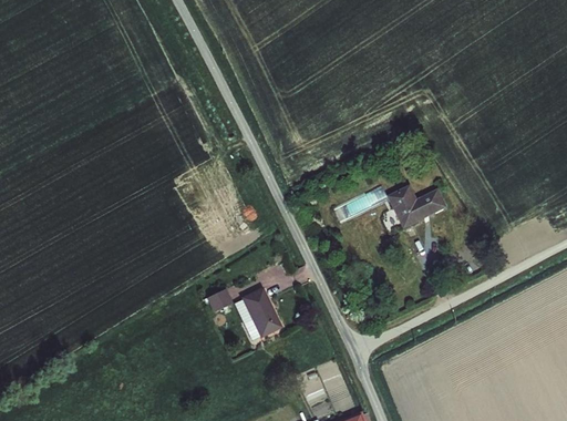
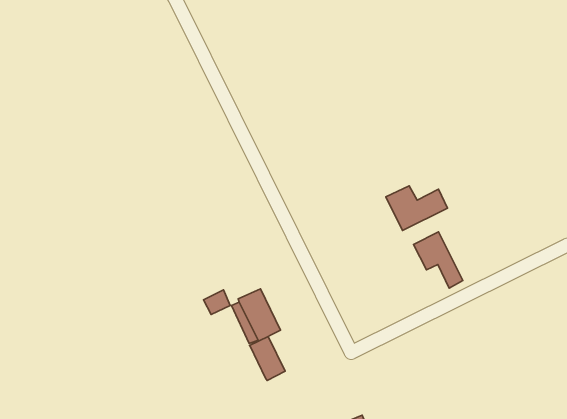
building: none -> [413,232,463,288]
building: none -> [250,337,285,381]

